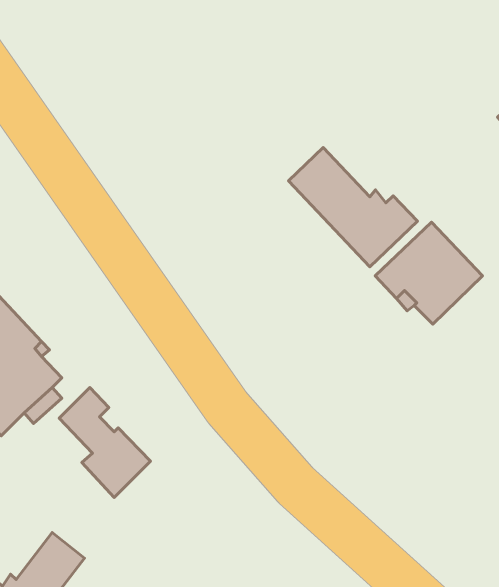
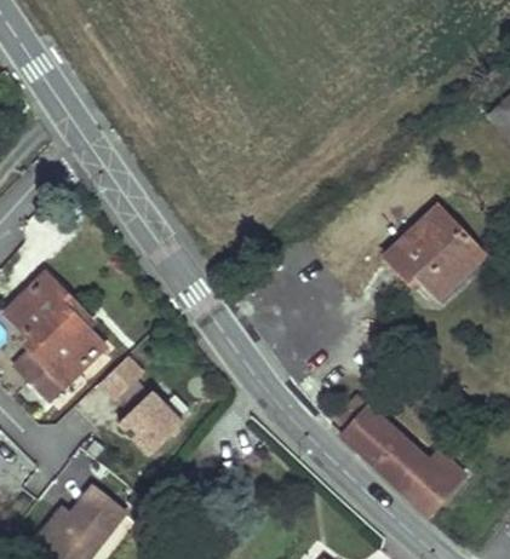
building: [288,147,417,267] -> none
building: none -> [339,398,469,515]

